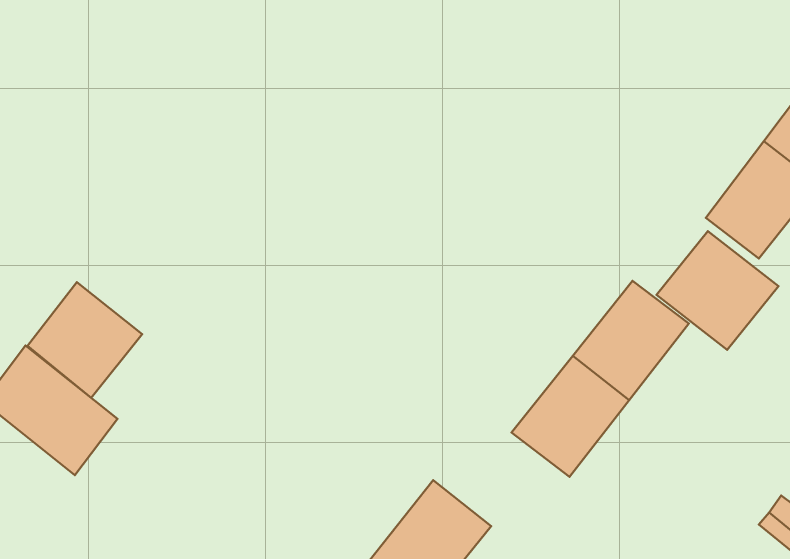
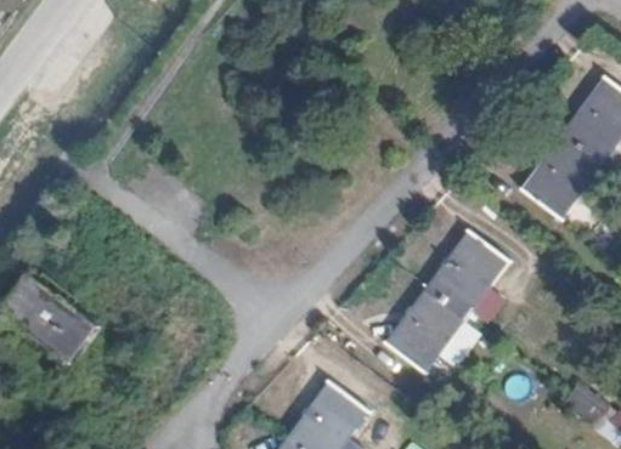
building: [657,231,778,350] -> none
building: [27,282,142,398] -> none

